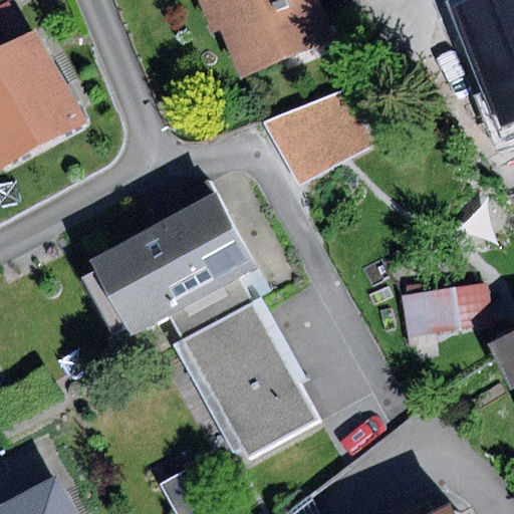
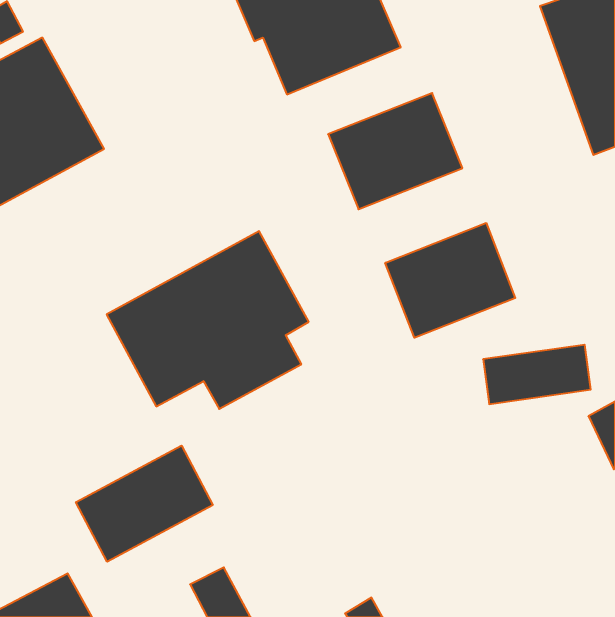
building: none -> [385,223,515,338]
building: [182,302,313,457] -> none
building: none -> [76,446,213,562]

